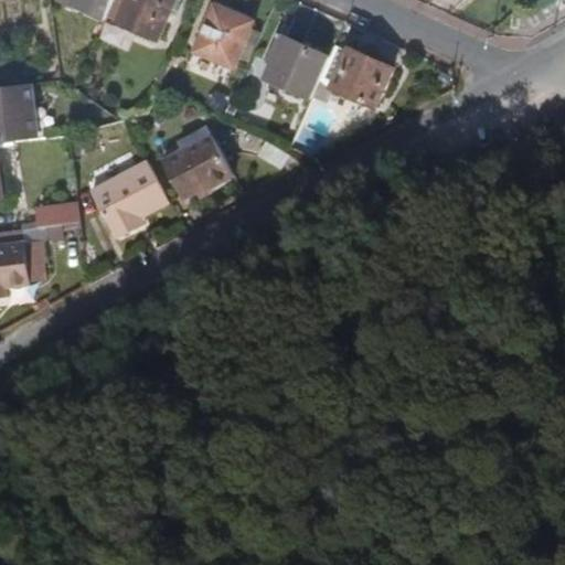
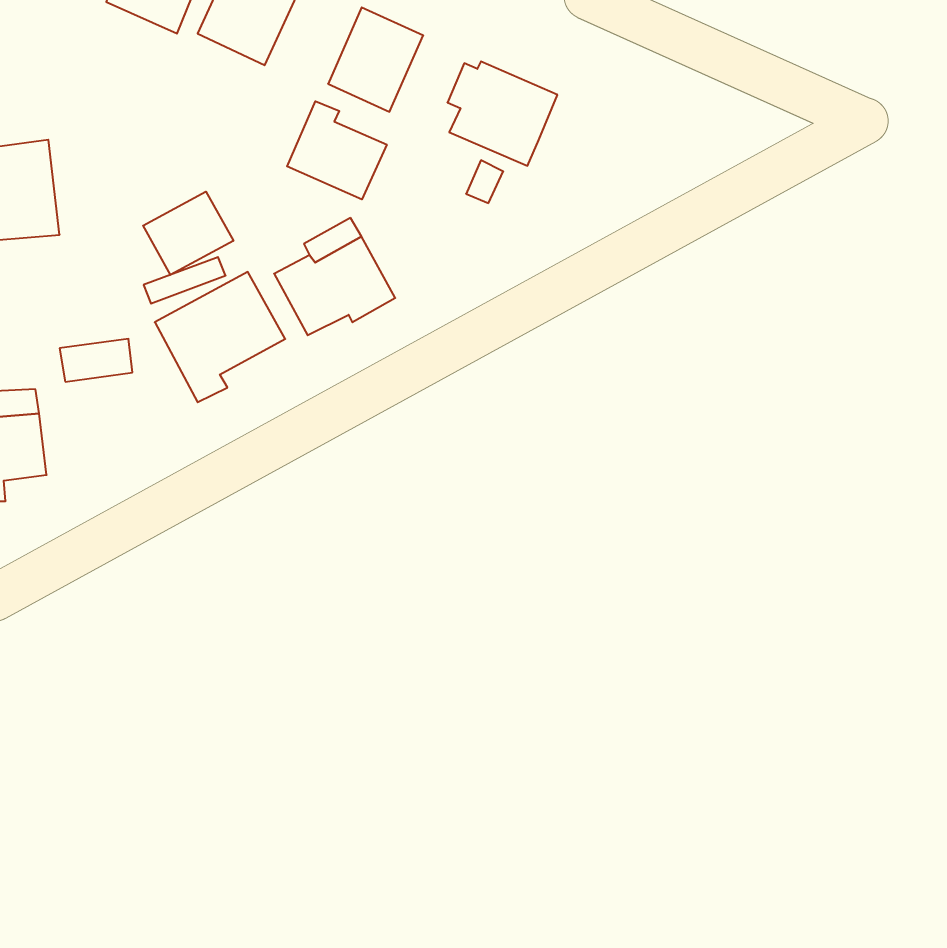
building: [319,43,392,107] -> none
building: none -> [287,101,387,199]
building: none -> [143,192,233,275]

